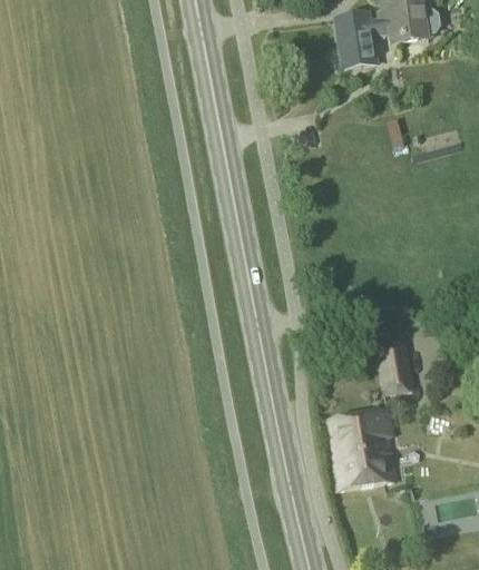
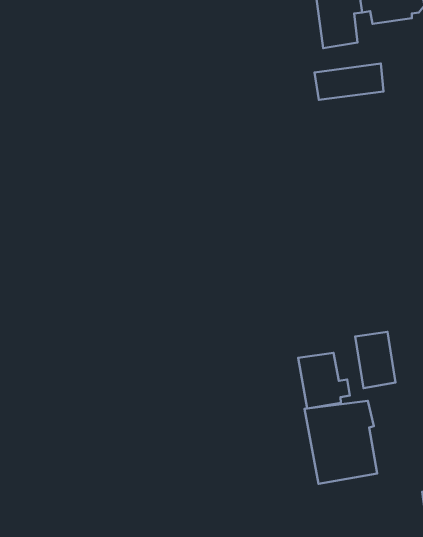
building: none -> [315,64,383,100]
building: none -> [298,353,350,409]

